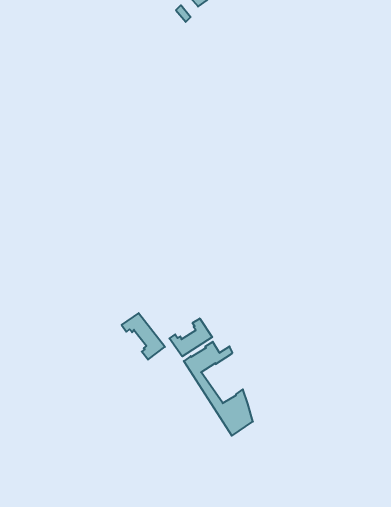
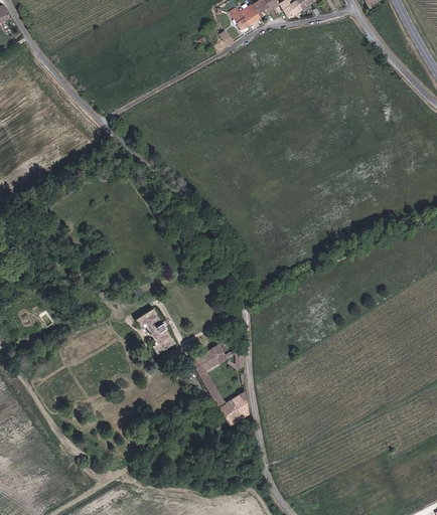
building: [169,318,212,356] -> none

